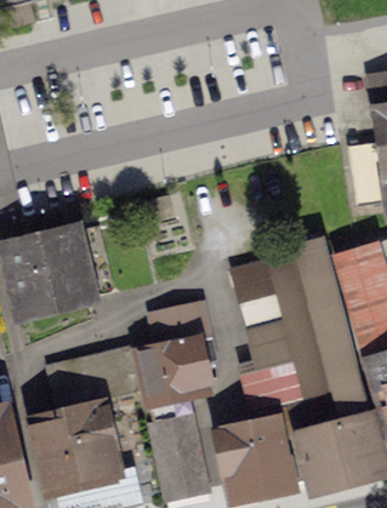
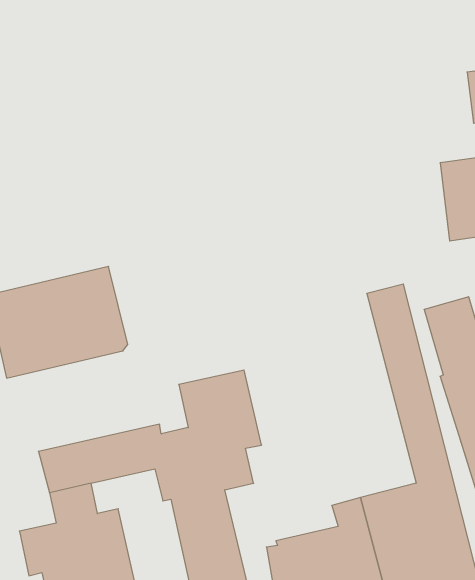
building: [232,252,331,411] -> none

